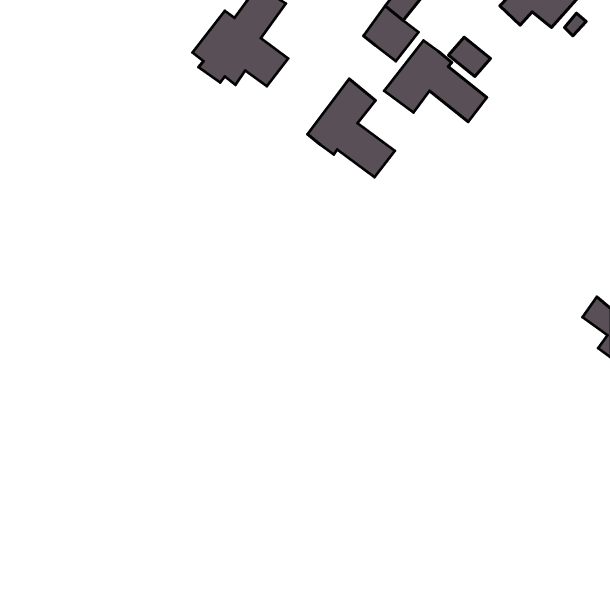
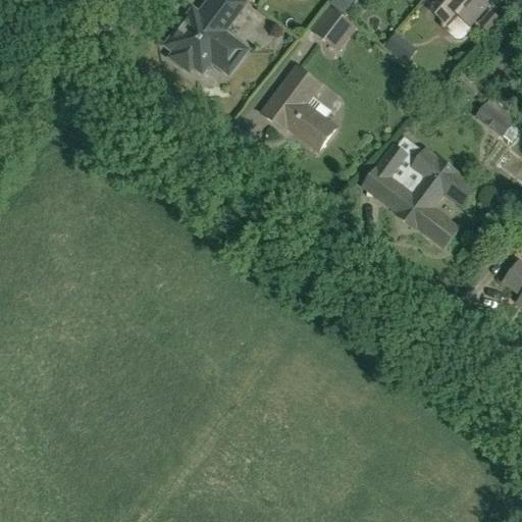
building: [384,41,487,122] -> none
building: none -> [476,102,514,137]
building: none -> [364,145,477,247]

